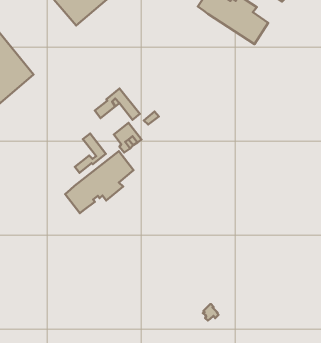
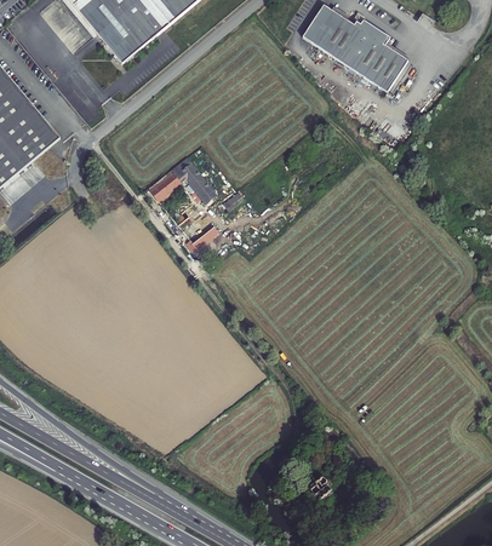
building: [75,133,106,173] -> none
building: [65,151,134,213] -> none

